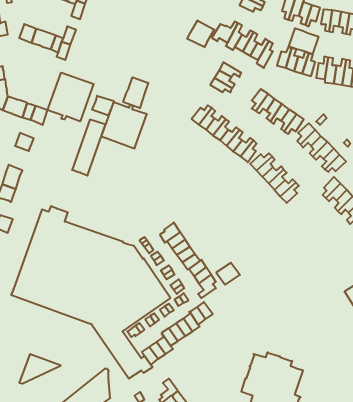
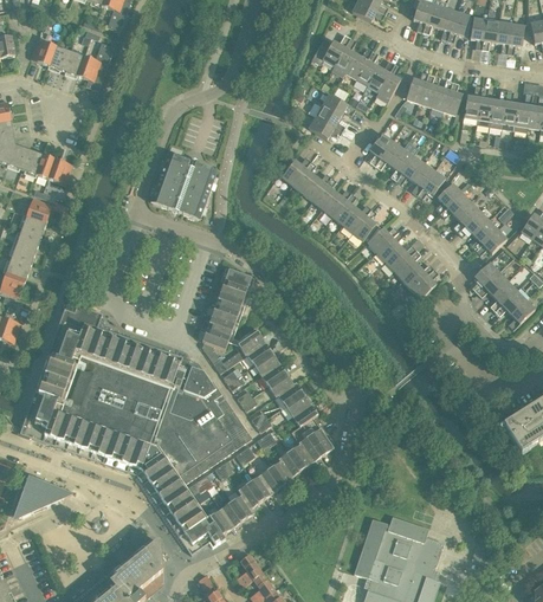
building: [187,20,214,47] -> none
building: [289,28,318,54] -> none
building: [48,73,94,121] -> none
building: [123,77,148,108] -> none
building: [92,96,114,115] -> none
building: [72,120,105,176] -> [202,267,251,349]
building: none -> [15,215,45,251]
building: [216,263,240,285] -> [299,428,334,460]
building: [19,354,61,384] -> [13,474,73,517]

